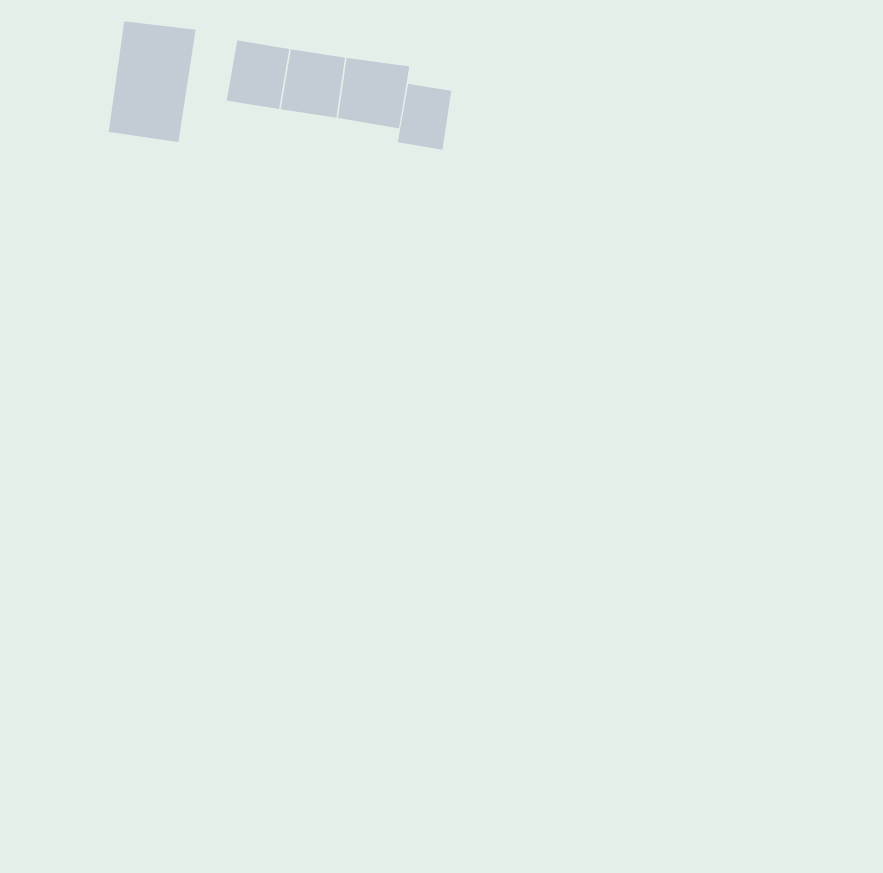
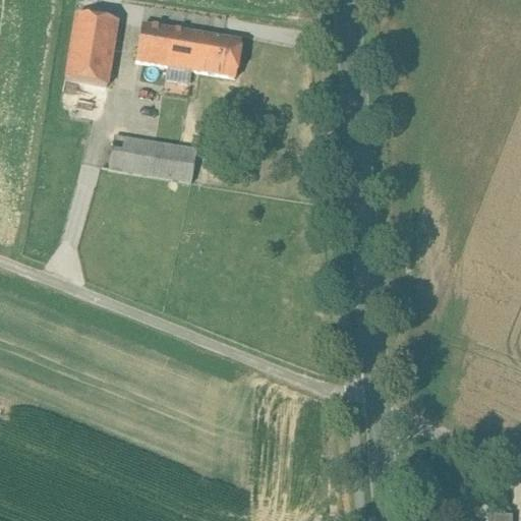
building: [397,83,452,151] -> none
building: none -> [109,133,197,180]

